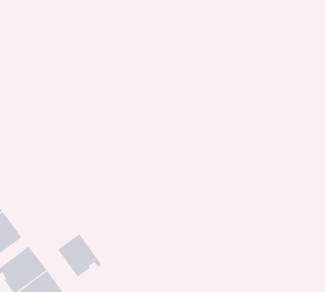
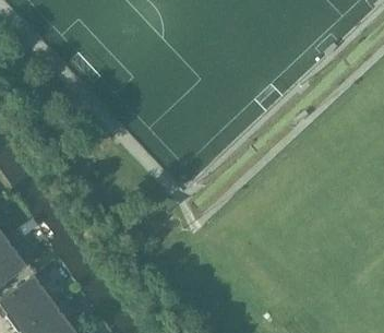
building: [57,233,103,277] -> none

